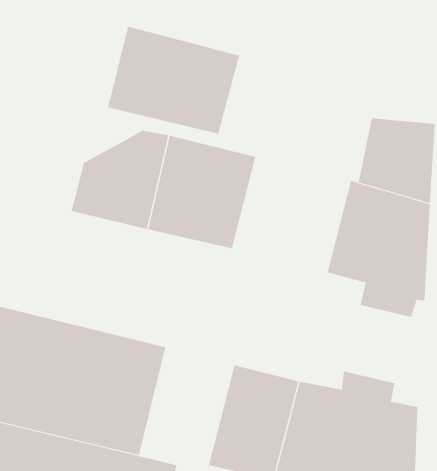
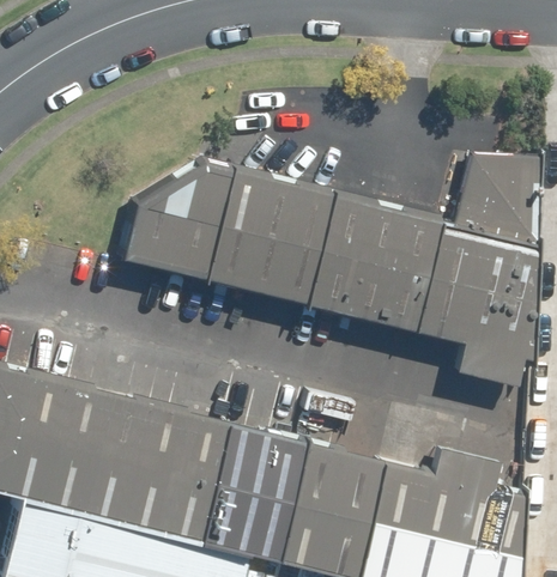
building: [108,26,240,135] -> none
building: none -> [304,196,442,332]
building: none -> [195,419,305,557]

